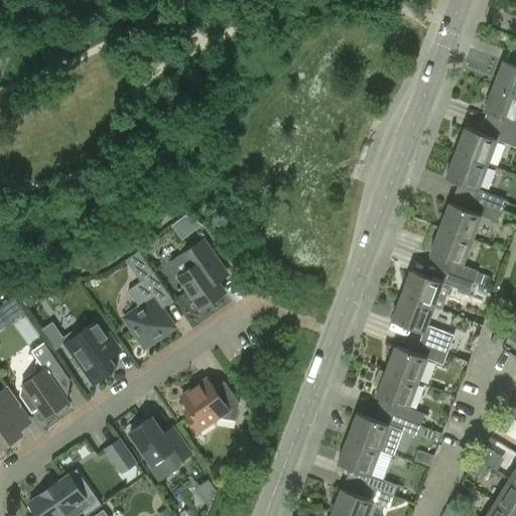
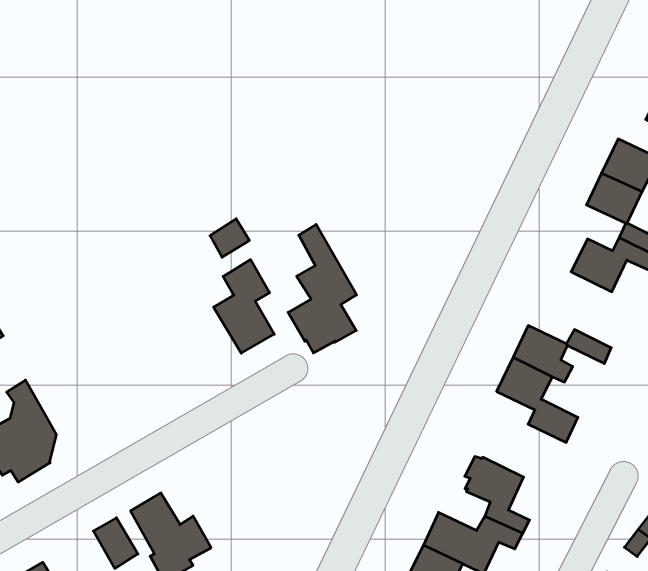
building: [429,229,477,282] -> none
building: [123,252,174,347] -> [288,224,357,353]
building: [61,318,116,385] -> none
building: [385,344,445,383] -> none
building: [180,381,239,432] -> none

